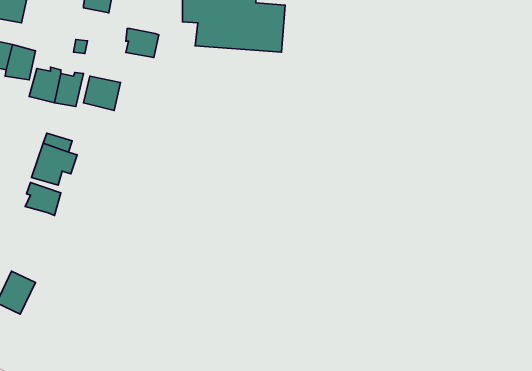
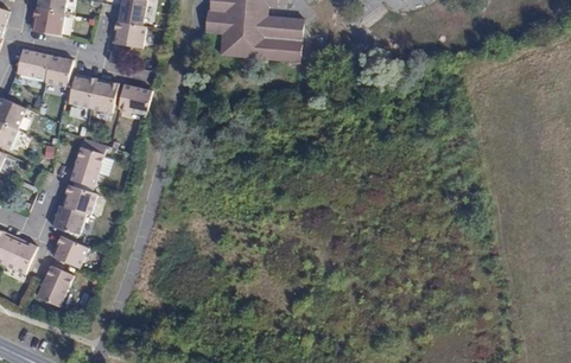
building: [126,28,159,58] -> [114,20,145,47]
building: none -> [52,205,84,234]
building: none -> [55,235,88,267]

